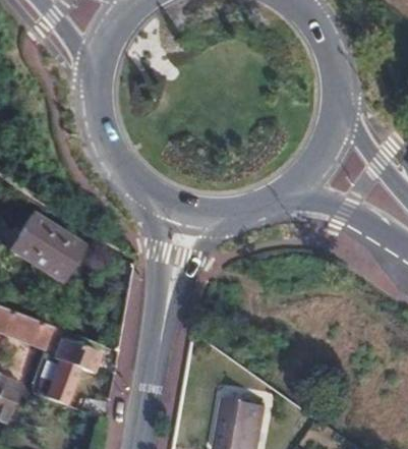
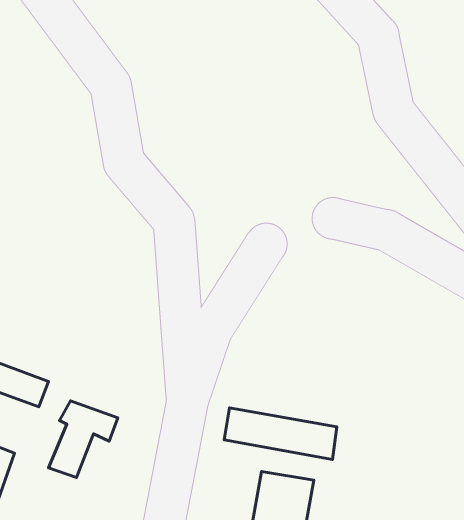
building: [8,214,79,277] -> none
building: none -> [224,408,337,460]

